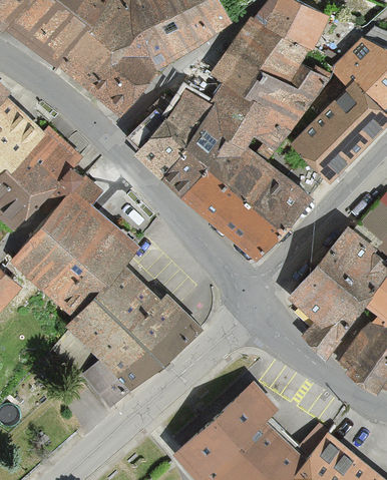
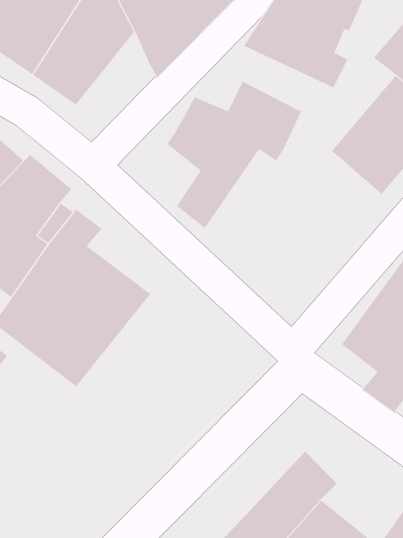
building: [90,36,156,112] -> none
building: [213,53,327,153] -> none
building: [128,106,185,177] -> none
building: [186,137,313,260] -> none
building: [65,264,202,405] -> none

